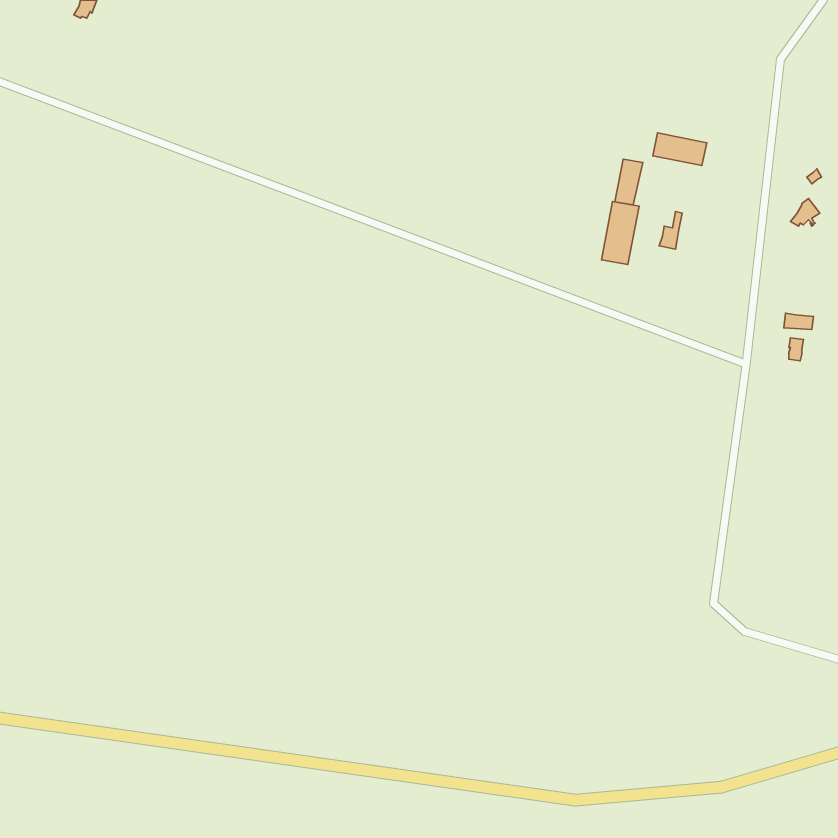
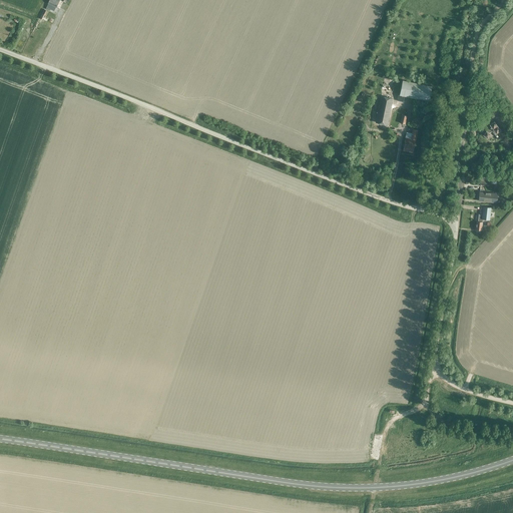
building: [601,202,639,264] -> none

